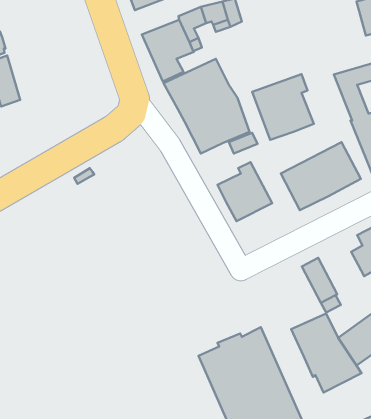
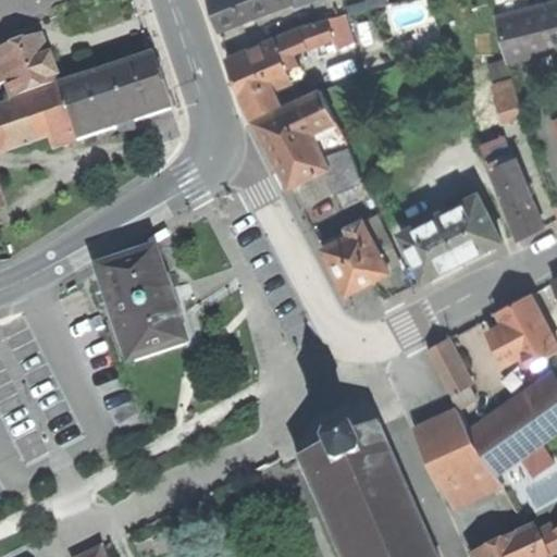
building: none -> [58,54,170,140]
building: [252,74,314,140] -> none
building: none -> [96,248,184,359]

